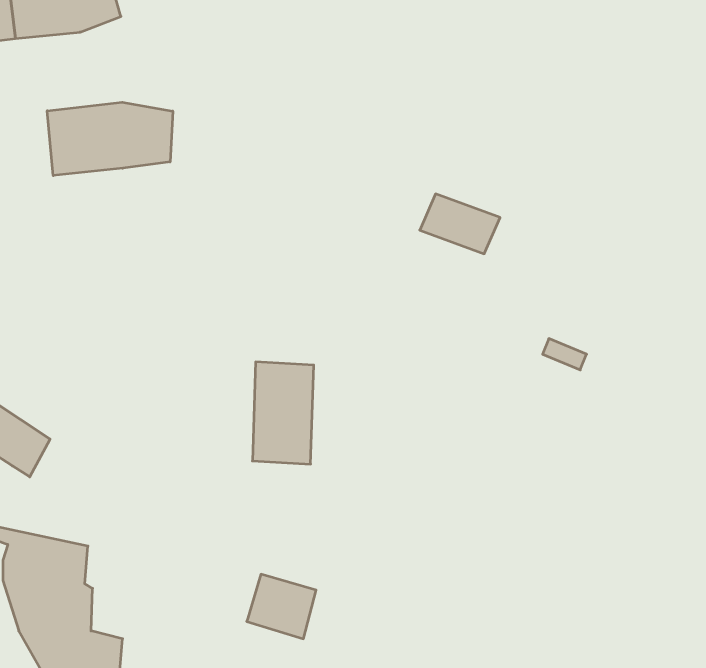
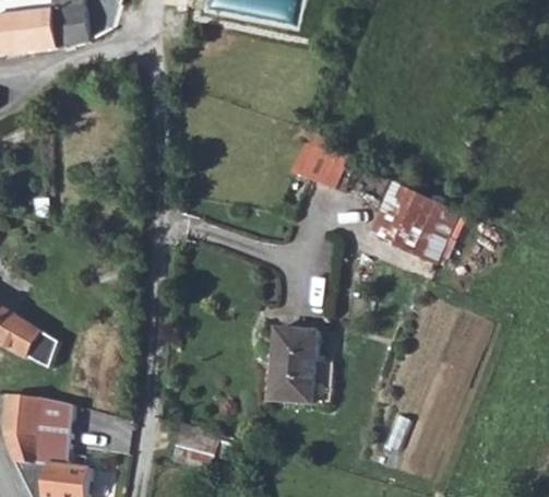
building: [47,102,173,176] -> none
building: none -> [386,190,452,258]
building: [252,362,314,464] -> [273,330,315,401]

